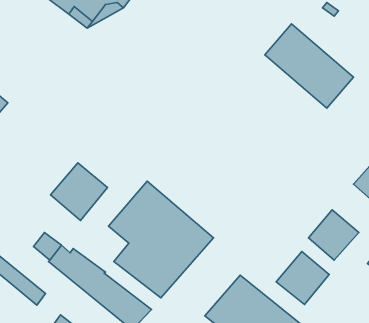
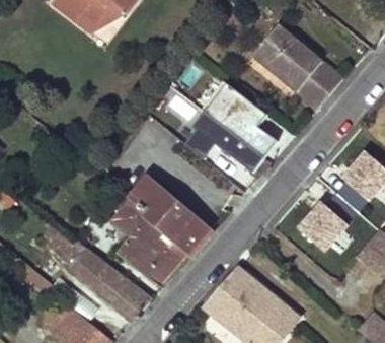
building: none -> [183,82,274,174]
building: [51,163,107,221] -> none
building: [276,252,329,304] -> none

